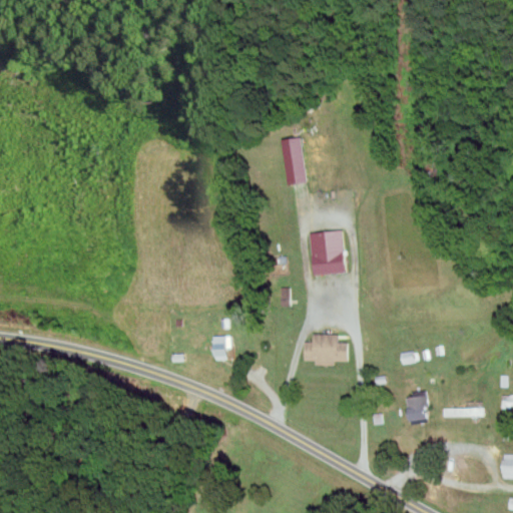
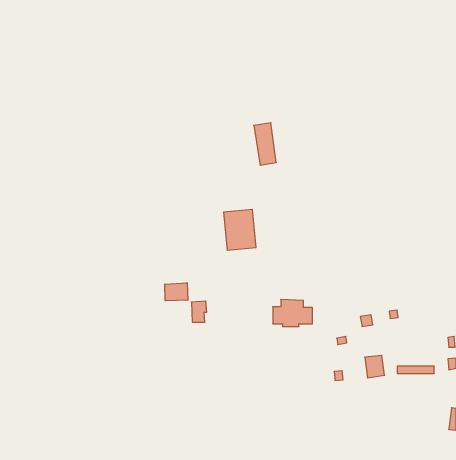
building: [309,229,345,275] -> [224,209,256,250]
building: none -> [165,283,188,301]

